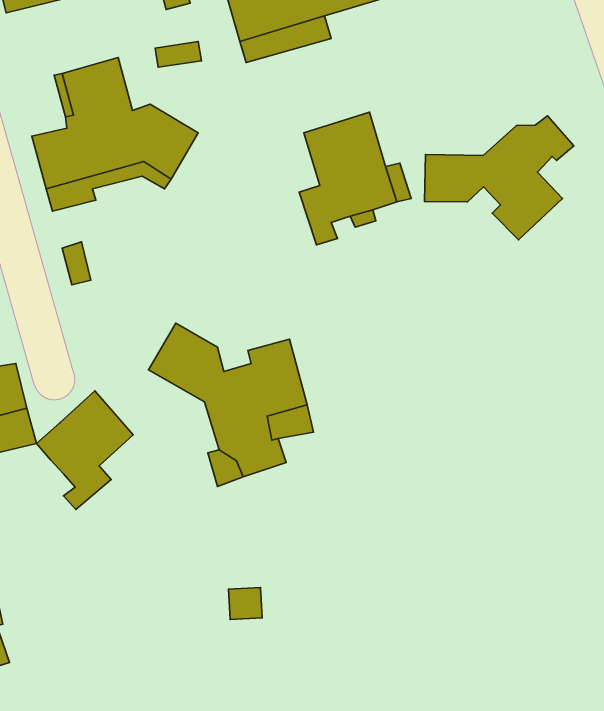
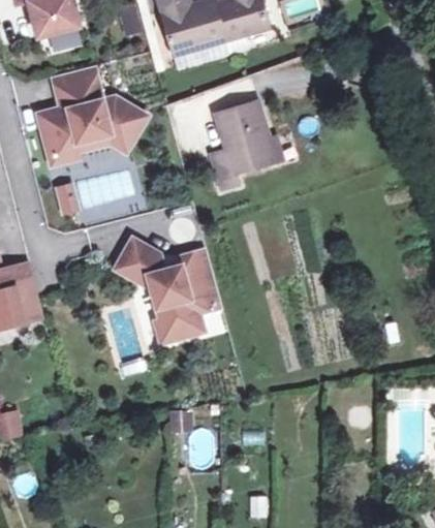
building: [424,116,574,240] -> none
building: [37,391,133,510] -> none

